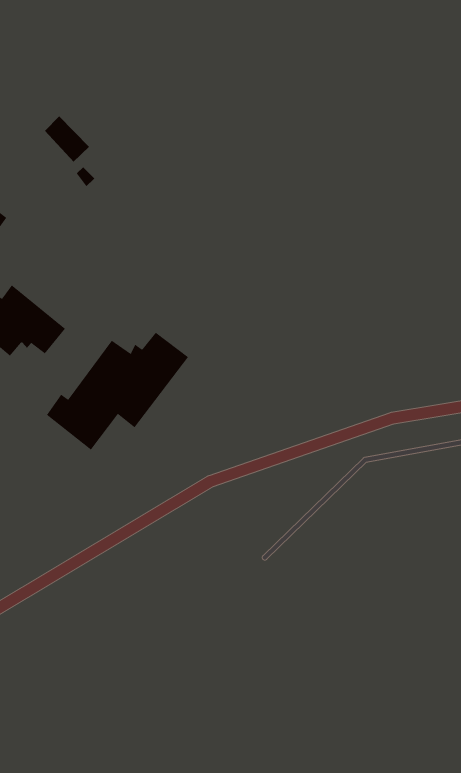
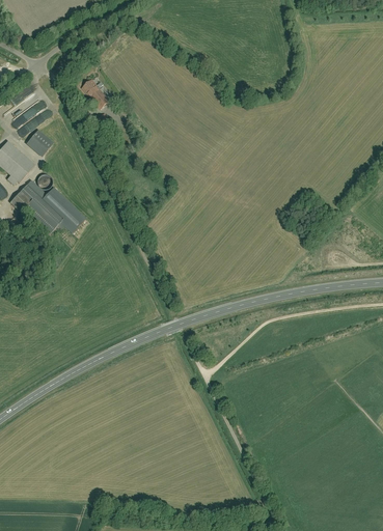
building: [46,332,189,450] -> none

